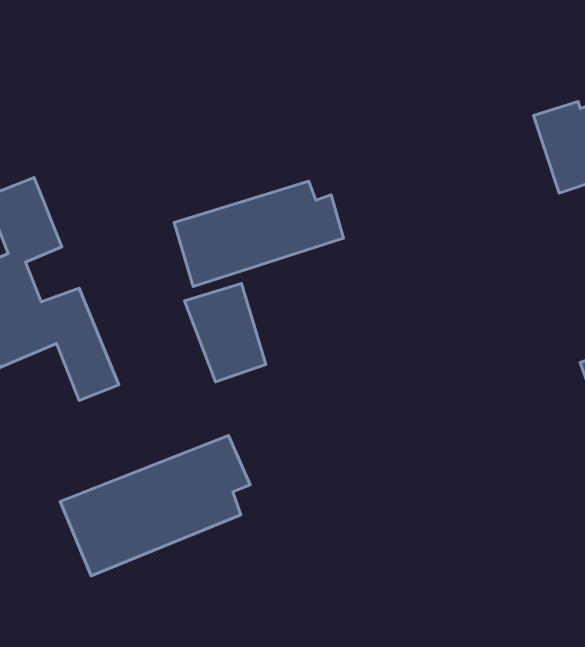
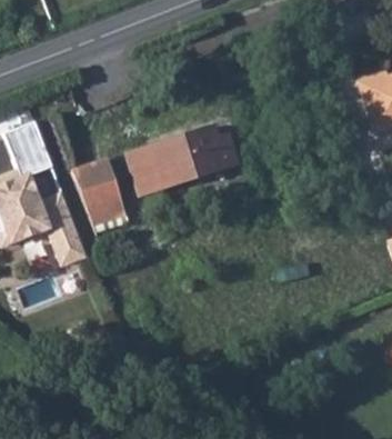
building: [185,283,266,382] -> [70,159,122,222]
building: [60,435,250,576] -> none

